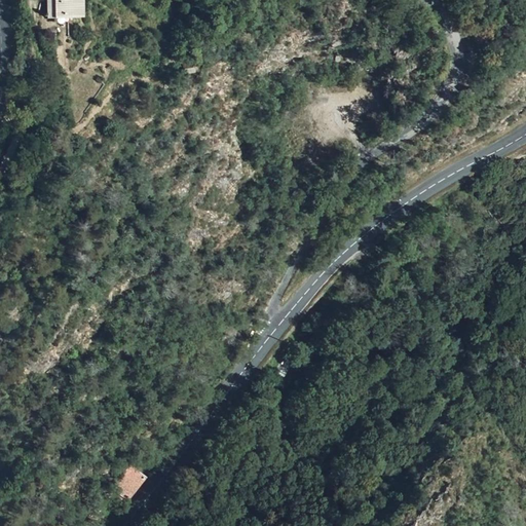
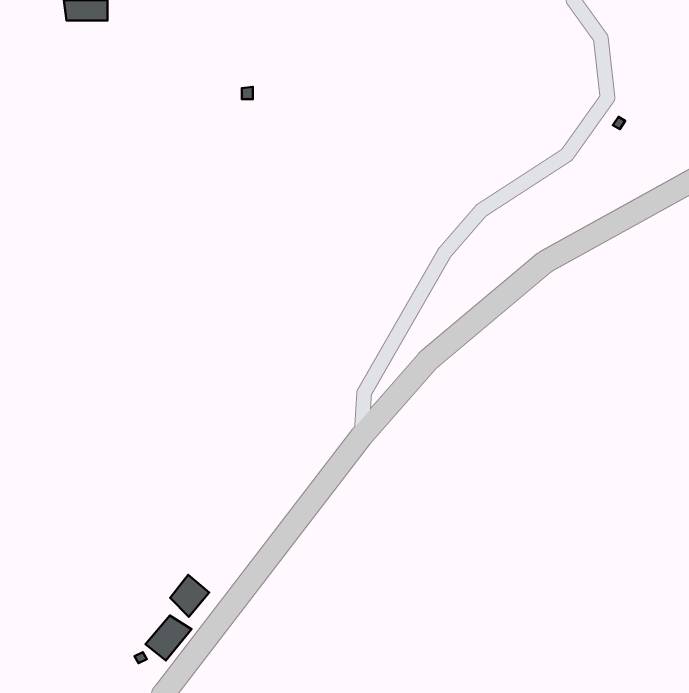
building: none -> [170,575,209,617]

